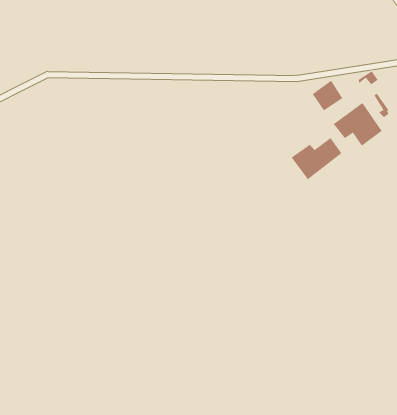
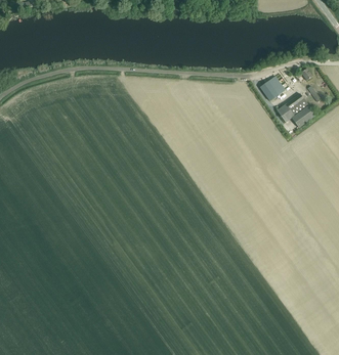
building: [291,137,342,180] -> none

